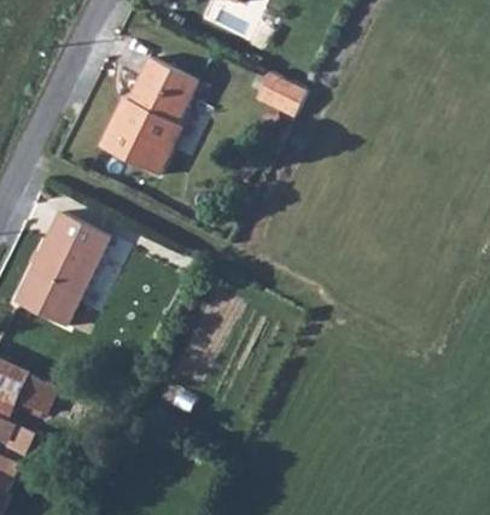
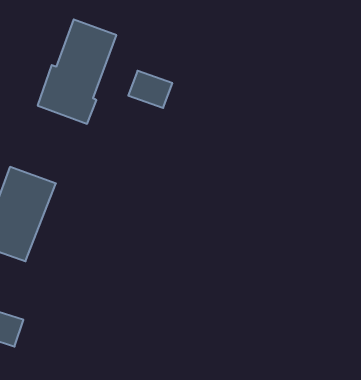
building: [249,71,299,116] -> [128,71,172,108]

